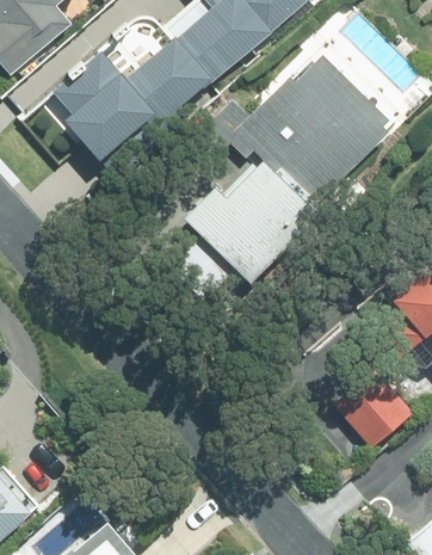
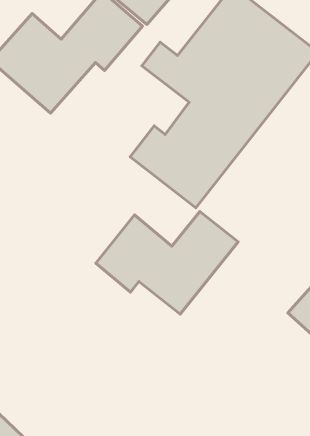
building: none -> [96,211,238,314]

